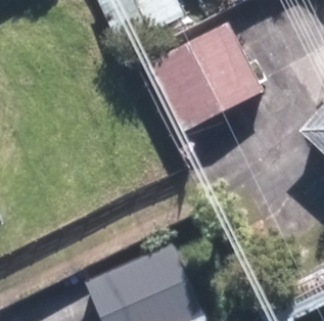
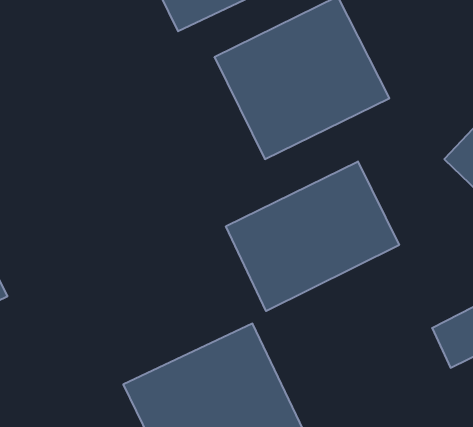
building: none -> [226,161,399,311]

